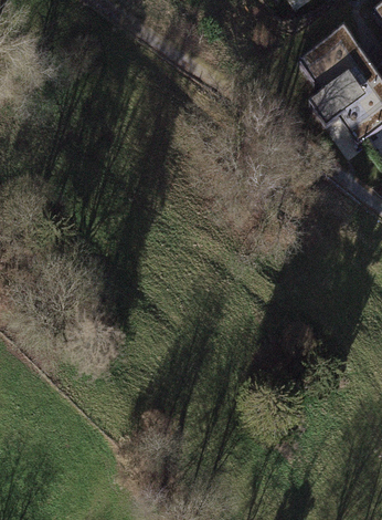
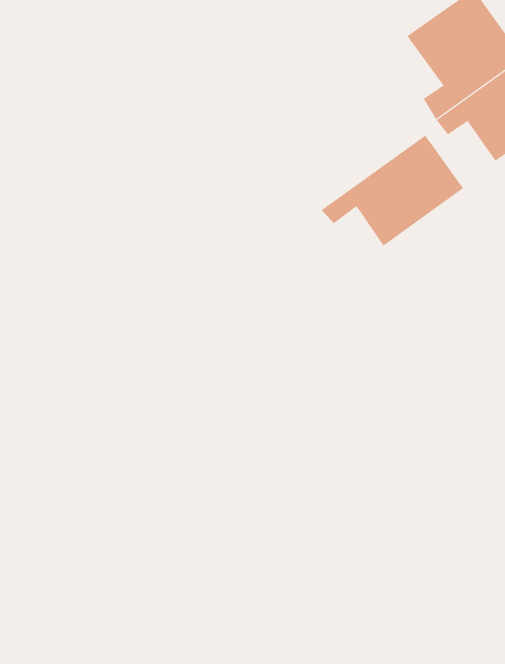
building: none -> [321,135,464,246]

